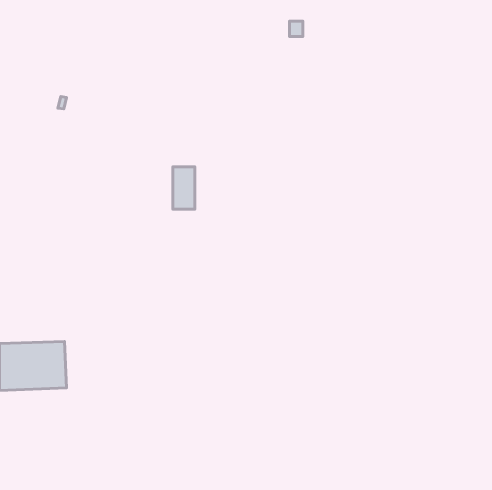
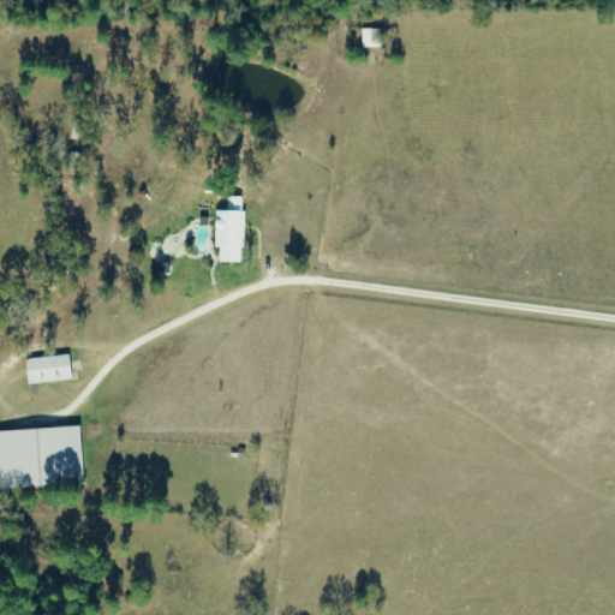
building: none -> [25,353,71,382]

